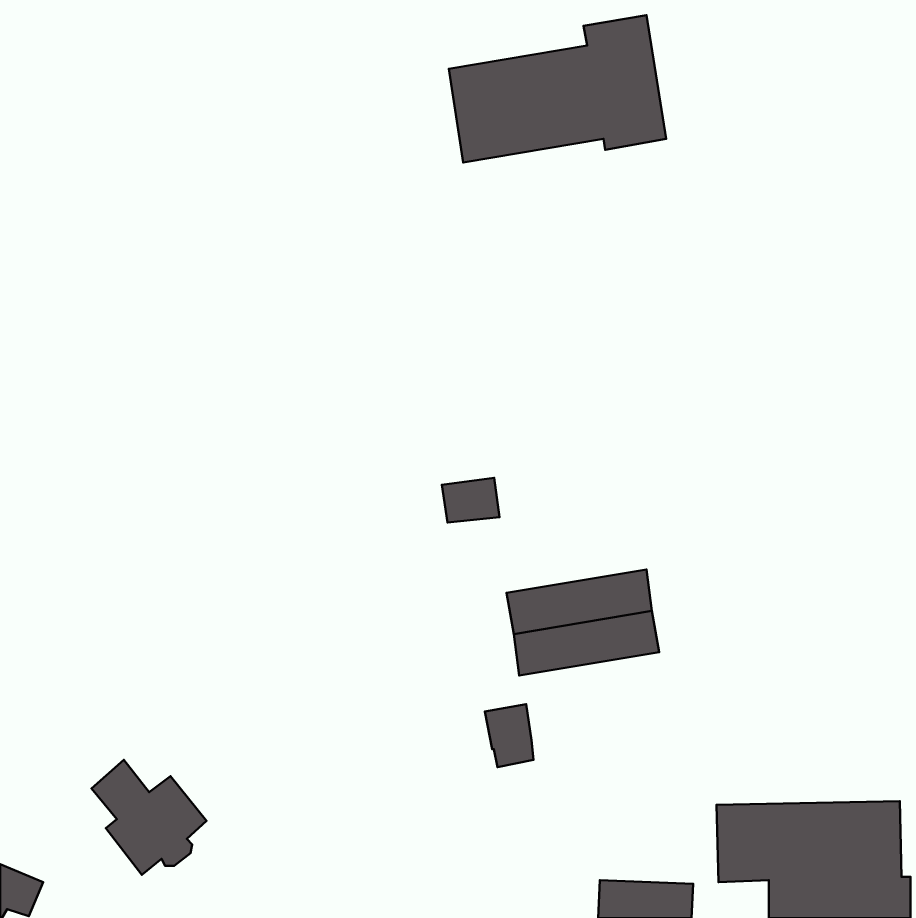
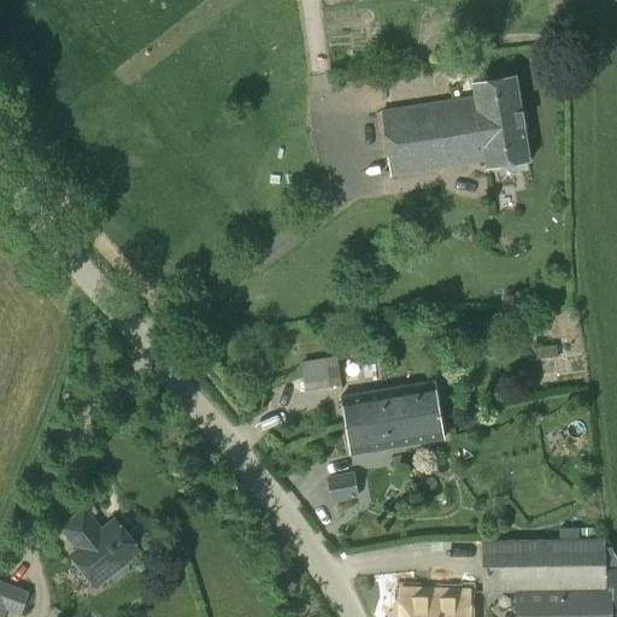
building: [449,15,666,162] -> [382,76,528,175]
building: [442,478,499,523] -> [302,358,341,388]

